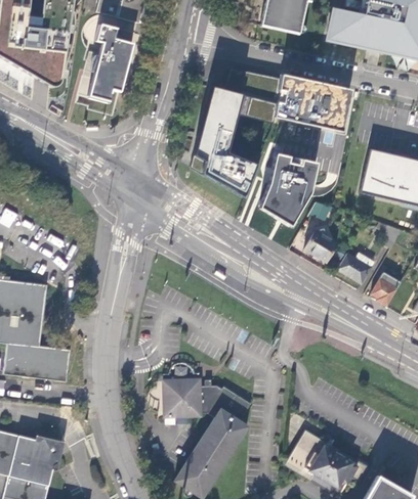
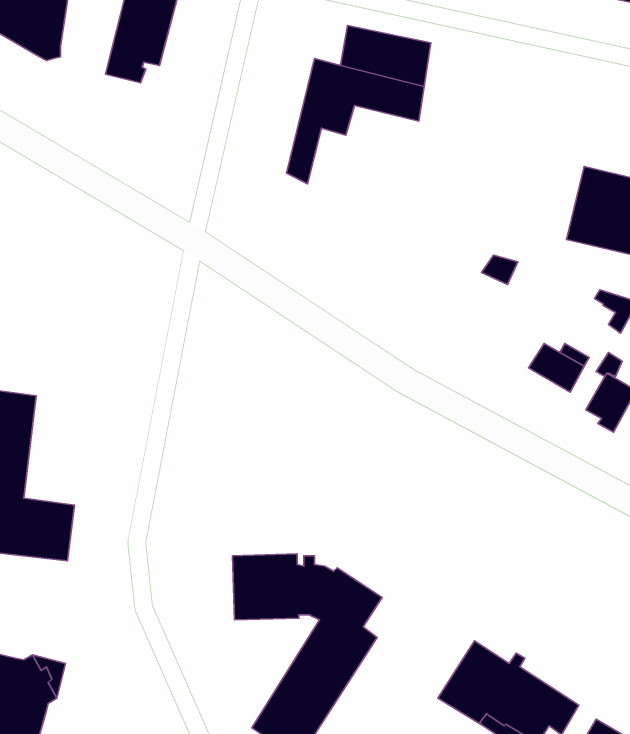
building: [276,77,354,139] -> none
building: [192,127,256,195] -> none
building: [260,133,346,228] -> none
building: [304,226,337,262] -> none

